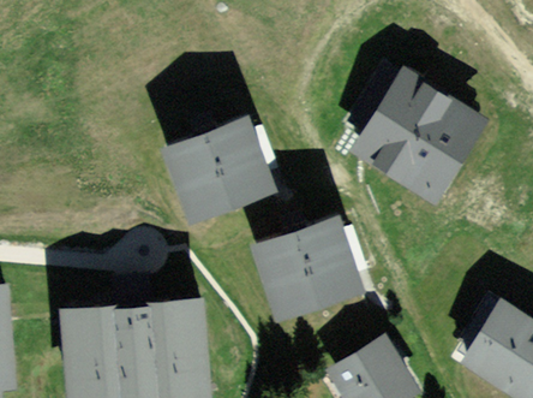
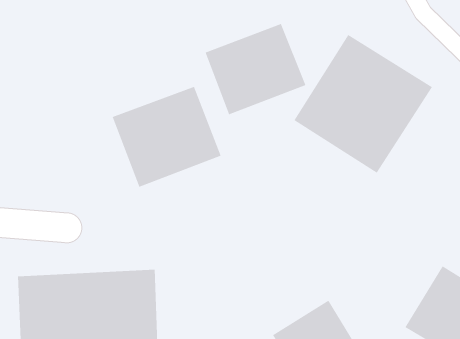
building: none -> [205,23,306,115]
building: [252,218,361,319] -> none

